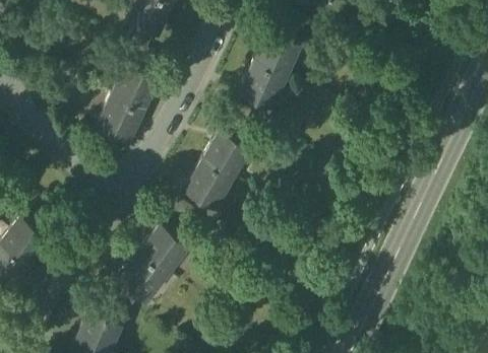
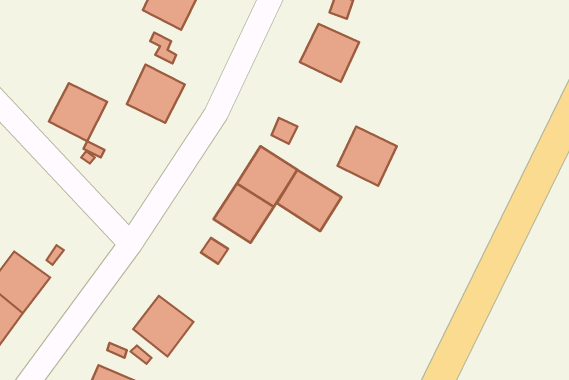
building: [238,64,287,113] -> [337,126,397,186]
building: [95,98,142,146] -> [49,83,107,141]
building: none -> [277,170,341,231]
building: [137,227,187,277] -> none

